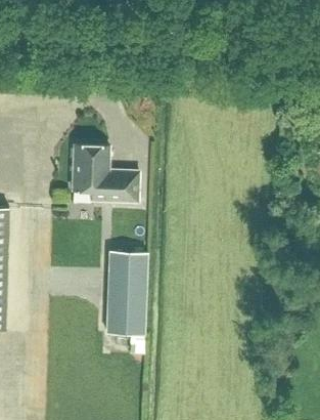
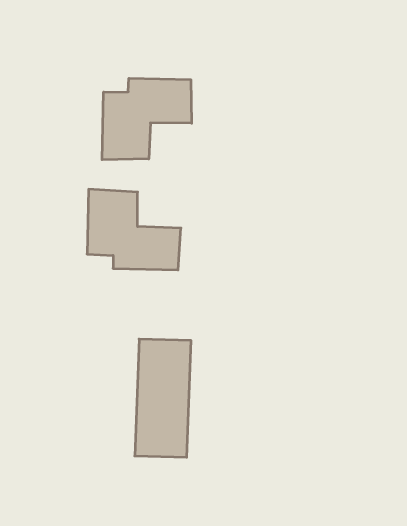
building: none -> [102,78,192,160]

